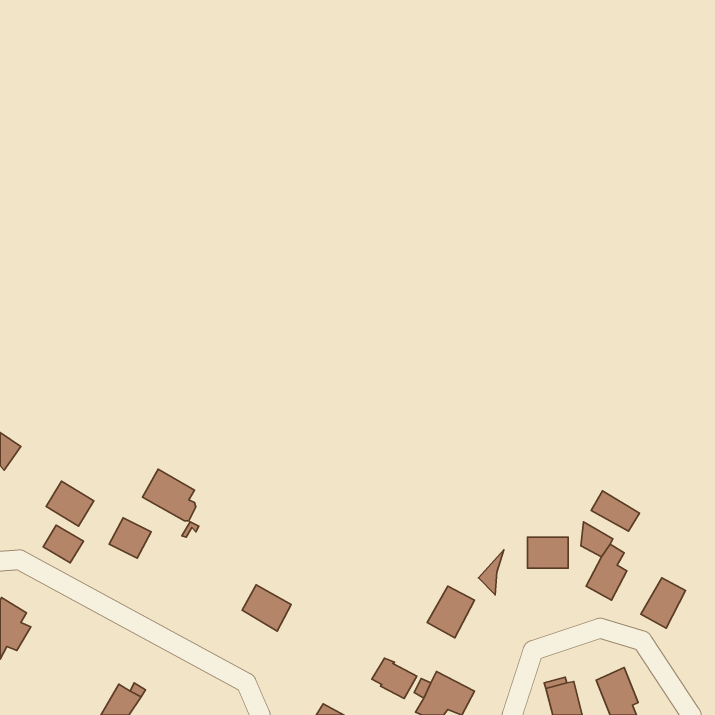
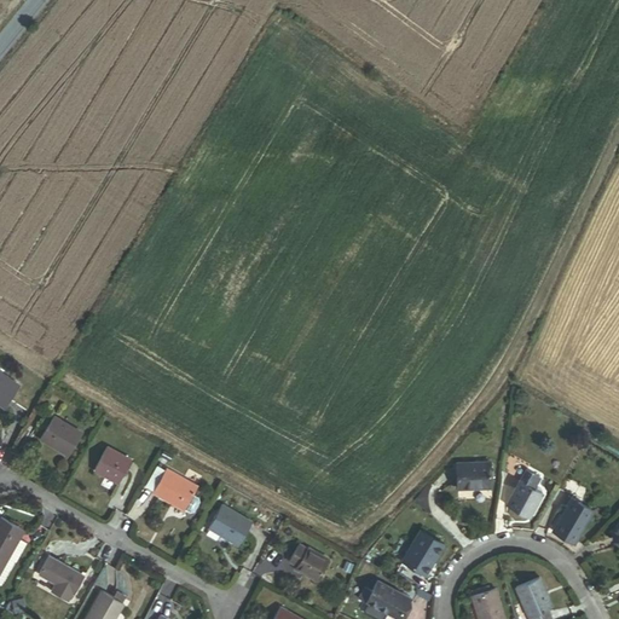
building: [143,469,196,521] -> [152,468,198,513]
building: [591,491,639,531] -> none
building: [43,525,84,563] -> none
building: [427,586,475,638] -> [400,531,441,575]
building: none -> [39,556,85,601]
building: [372,658,417,699] -> [288,544,326,579]

